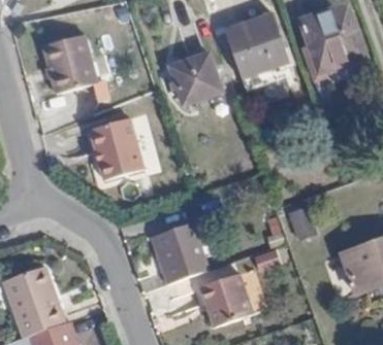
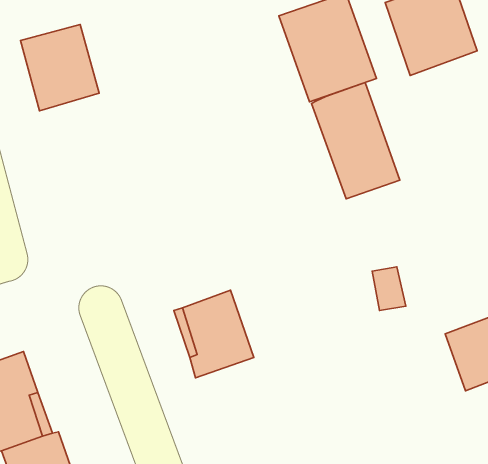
building: [168,51,222,105] -> none
building: none -> [311,82,400,199]
building: [91,118,146,180] -> none
building: [198,272,253,327] -> none

